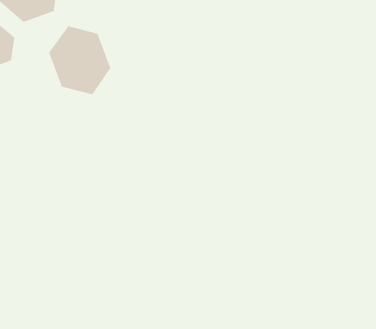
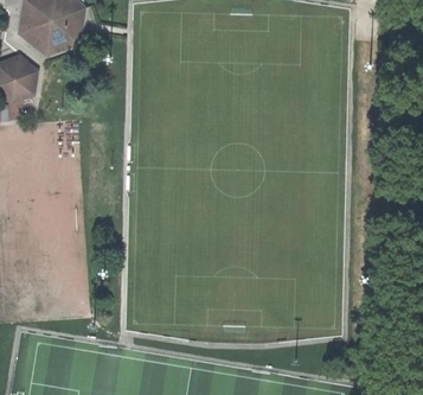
building: [48,26,111,95] -> none

